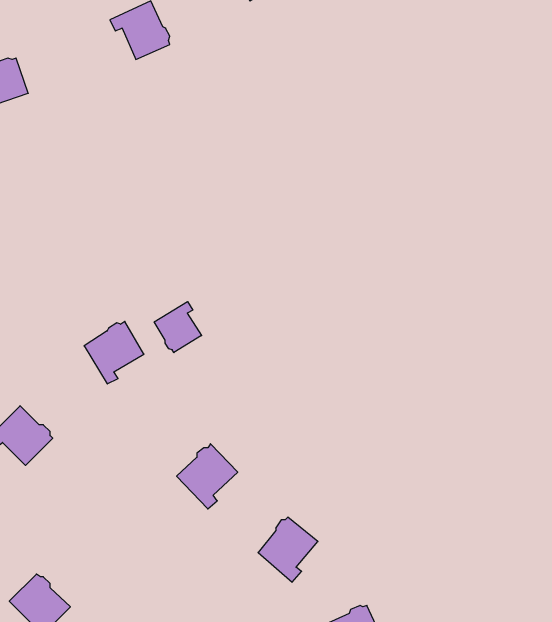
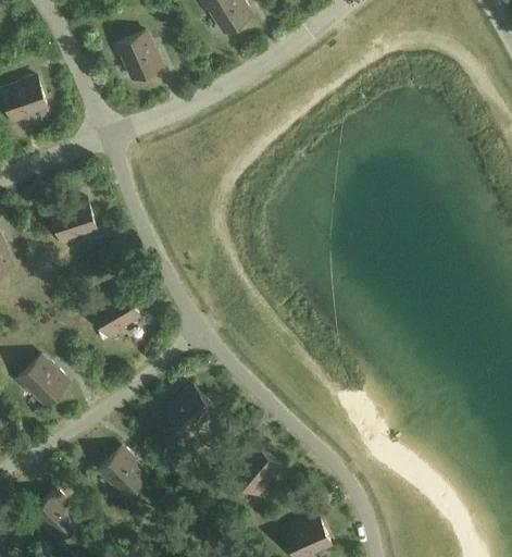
building: none -> [52,200,97,246]
building: [154,302,202,353] -> none
building: none -> [100,449,148,502]

